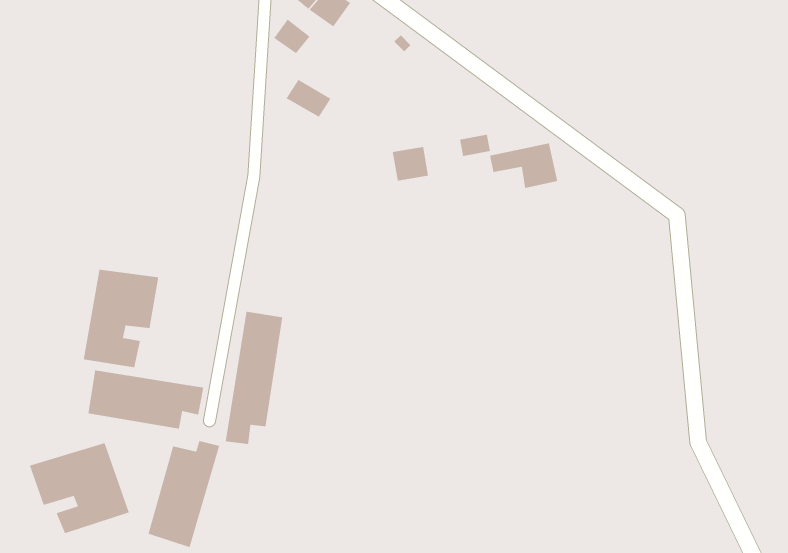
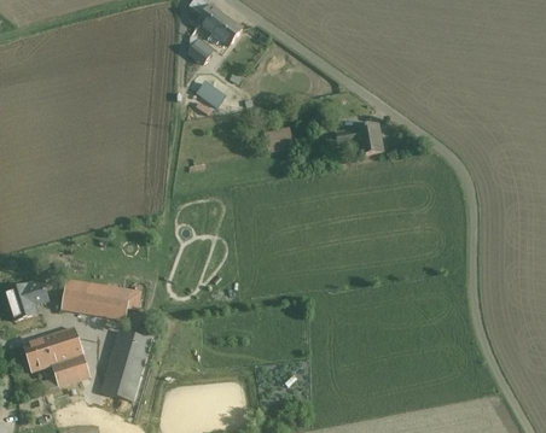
building: [83,269,159,368] -> none
building: [225,311,283,445] -> none
building: none -> [6,280,47,320]

